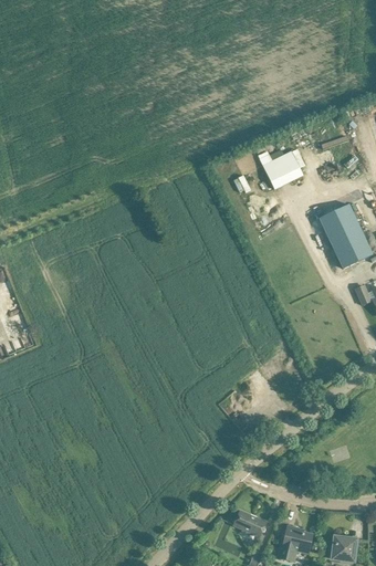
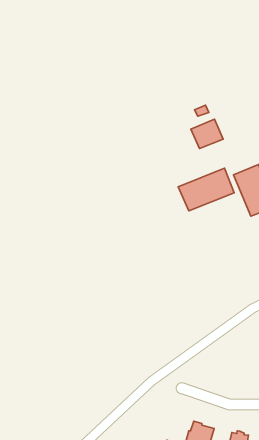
building: none -> [178,168,234,211]
building: [233,510,267,536] -> none

